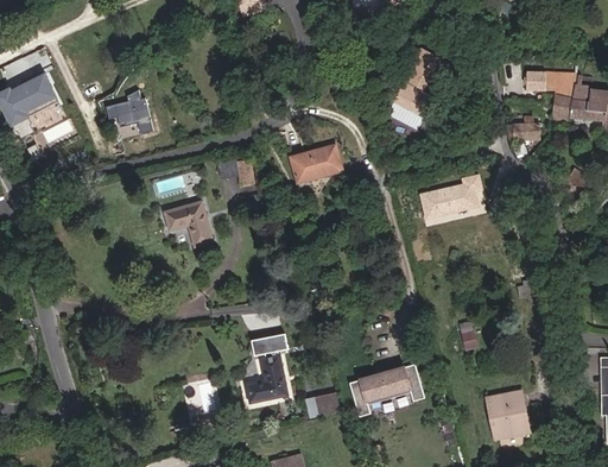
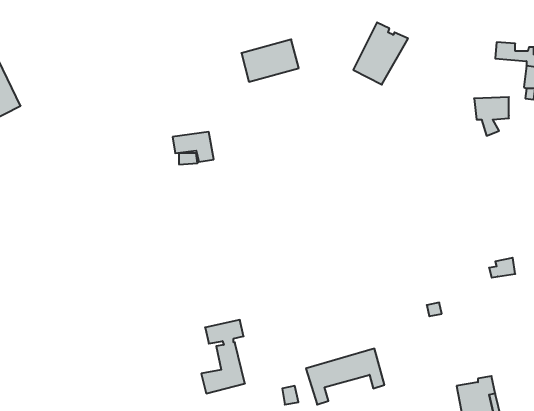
building: [104,87,151,131] -> none
building: [286,145,341,185] -> [241,39,299,82]
building: [420,172,486,217] -> none
building: [166,203,213,248] -> none

